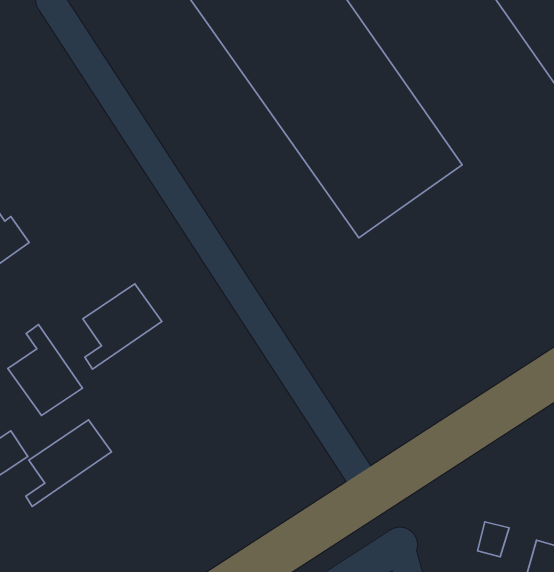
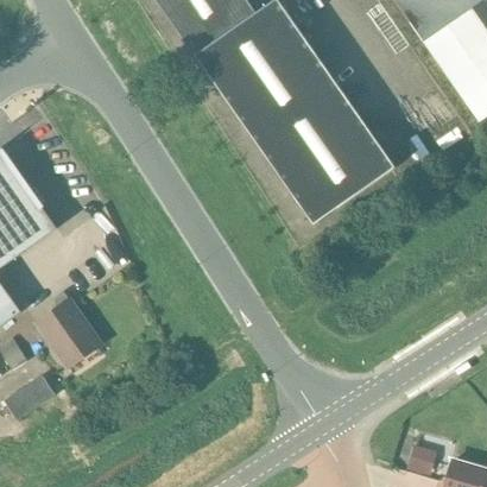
building: [83,284,162,369] -> none
building: [26,420,111,506] -> none

